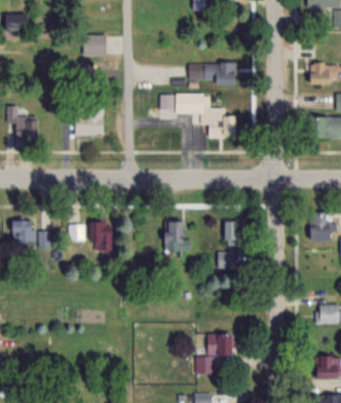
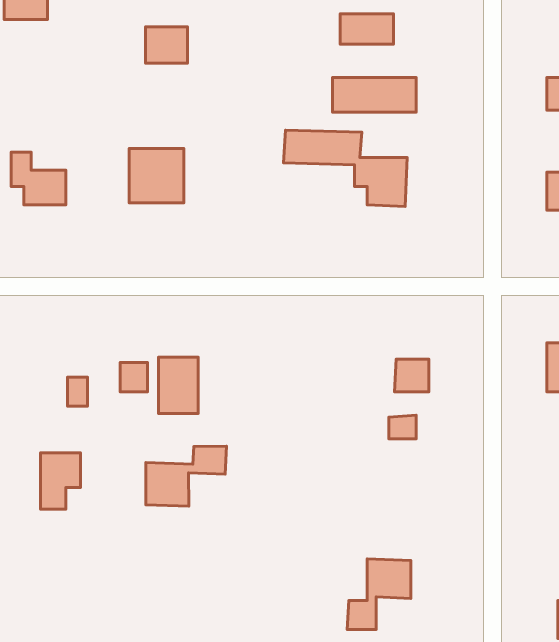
building: none -> [340,14,394,44]
building: [11,221,34,253] -> [41,453,81,509]
building: [163,221,190,252] -> none
building: none -> [146,446,227,506]

